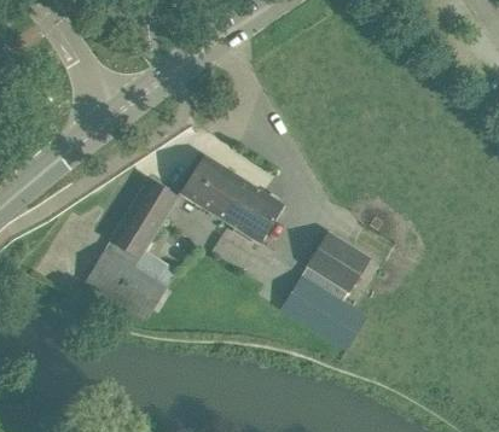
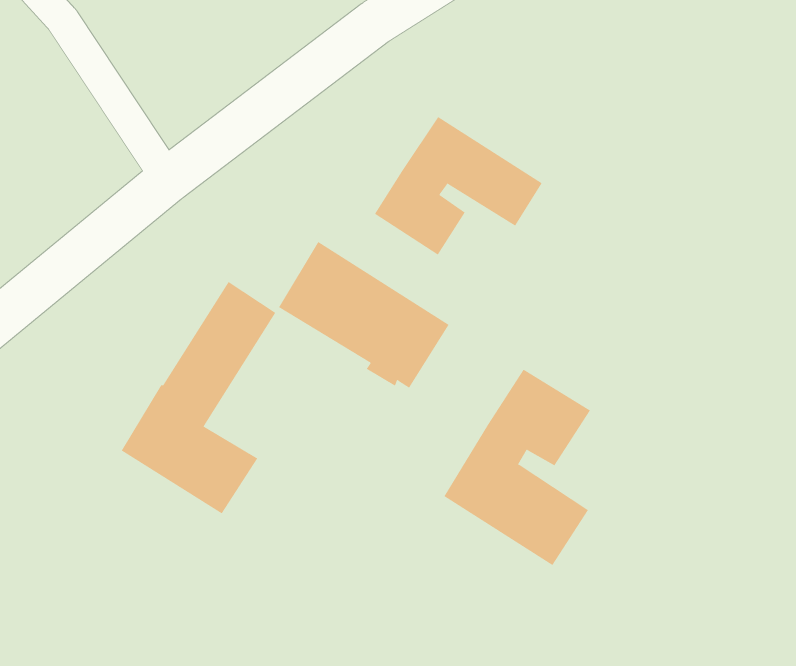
building: none -> [374,116,543,256]

